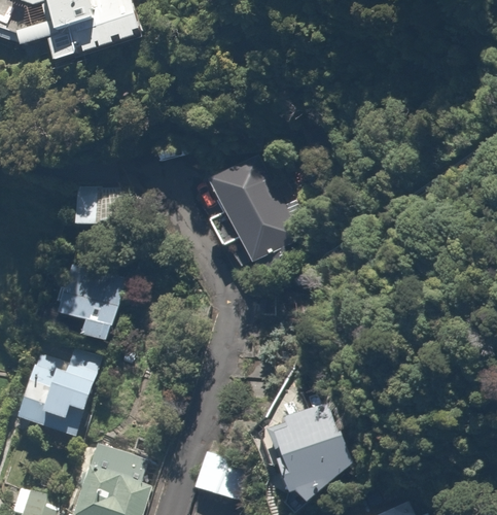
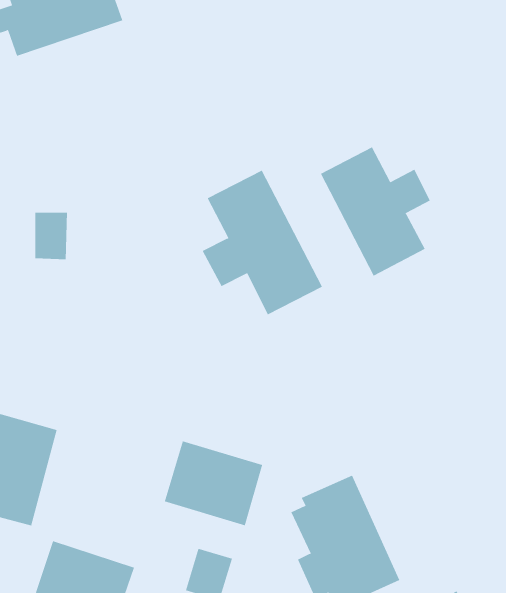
building: none -> [320,146,430,276]
building: [55,256,126,342] -> none
building: none -> [164,441,263,526]

